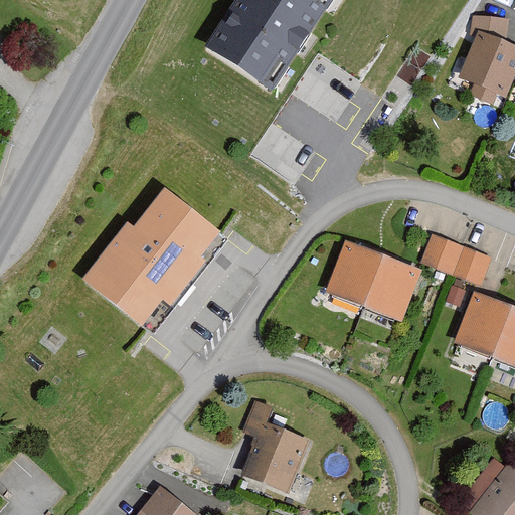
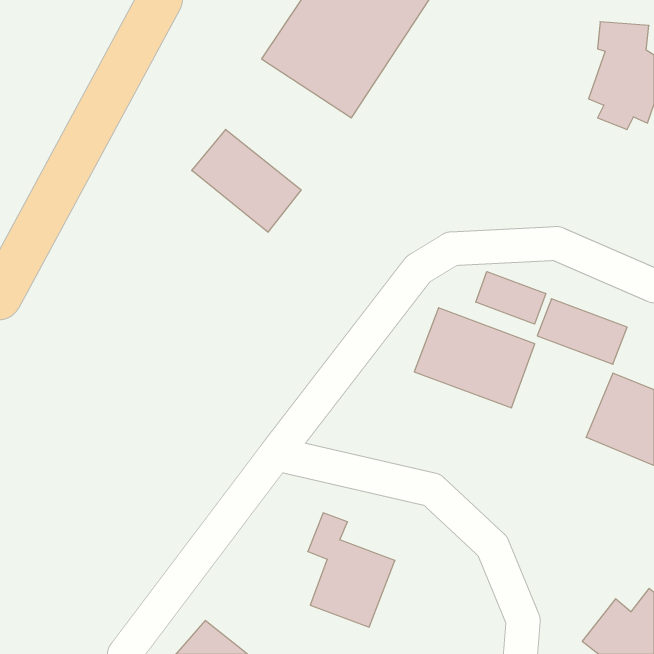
building: none -> [192,129,301,232]
building: [82,188,219,326] -> none
building: none -> [476,272,546,324]

